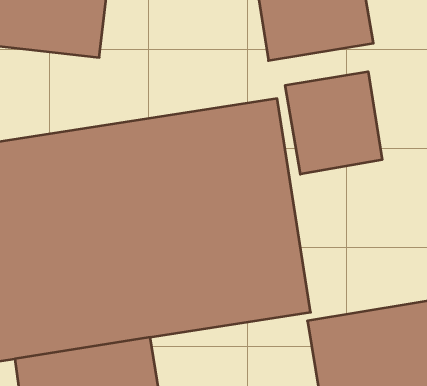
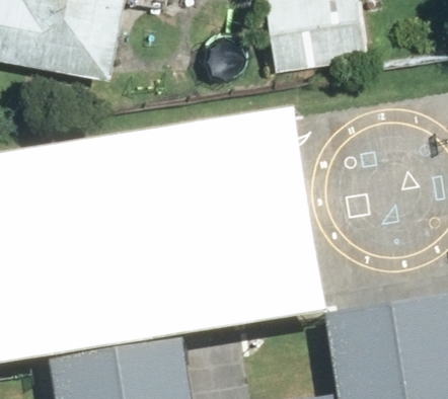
building: [285,72,382,174] -> none

